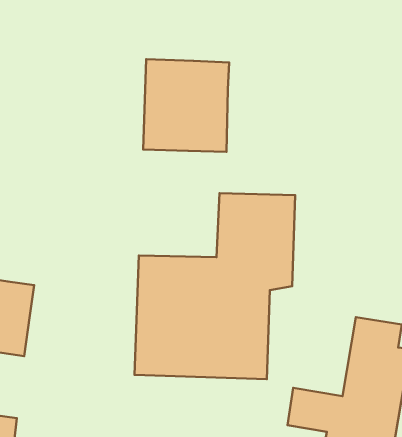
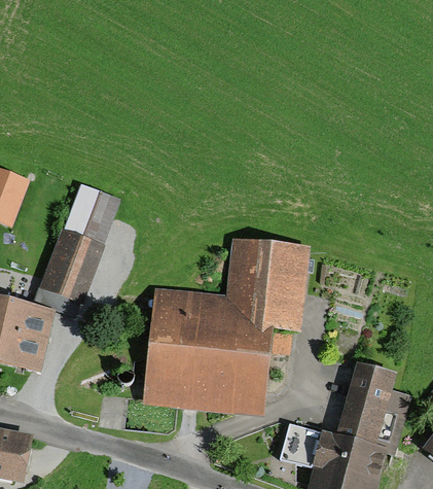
building: [143,59,229,152] -> none
building: none -> [29,184,117,315]

